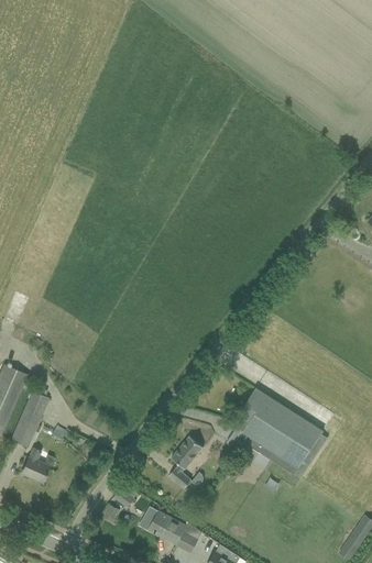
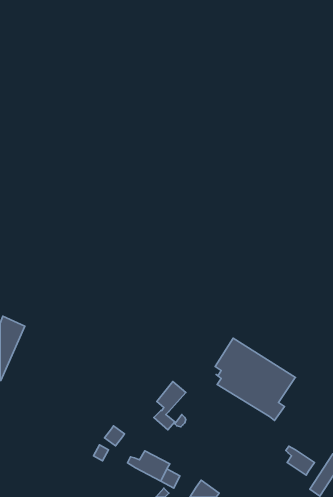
building: [11,391,48,446] -> none
building: [21,449,48,482] -> none
building: none -> [286,446,314,475]

